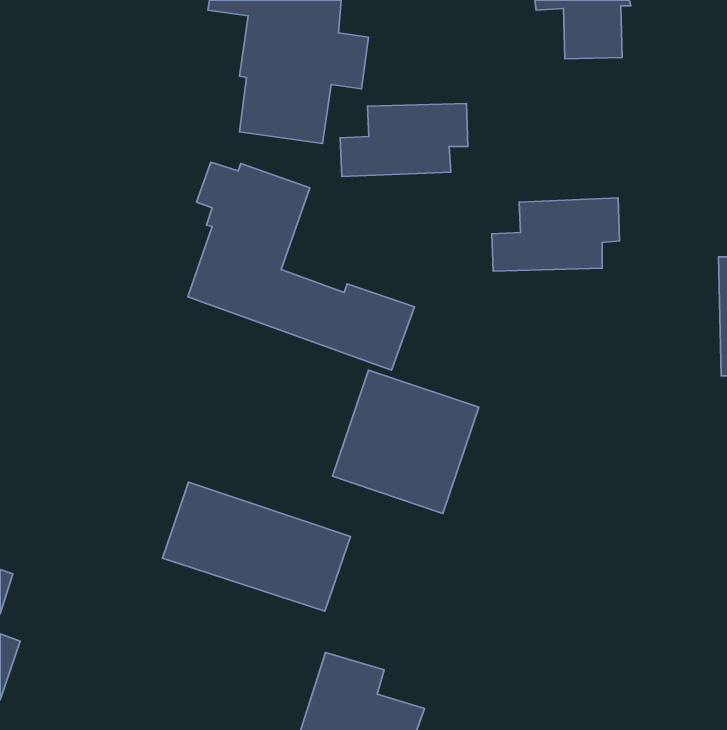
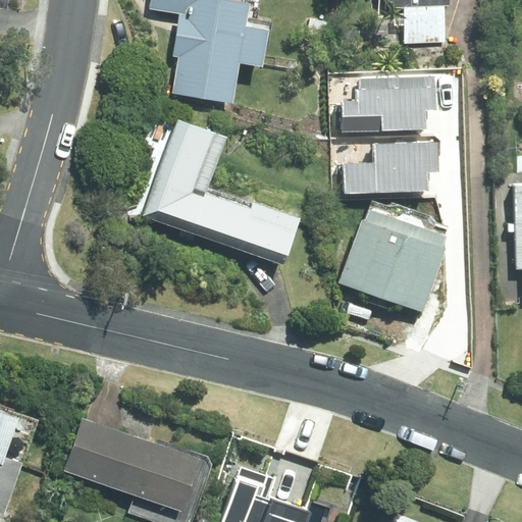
building: [340,103,468,177] -> [347,82,437,134]
building: [333,370,479,513] -> [343,209,447,311]
building: [163,482,350,611] -> [62,415,196,507]

